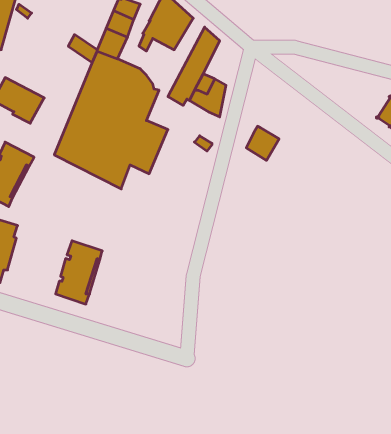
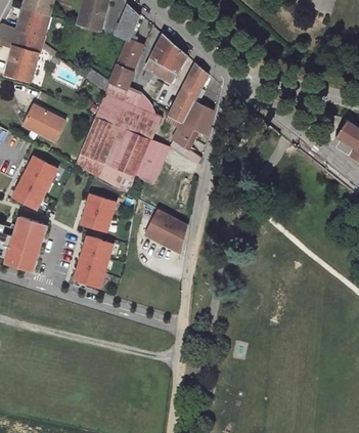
building: [246,126,279,160] -> [172,121,198,148]
building: none -> [82,193,116,230]
building: none -> [145,209,187,252]

